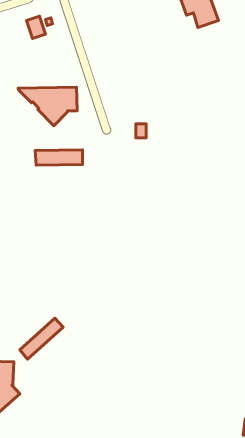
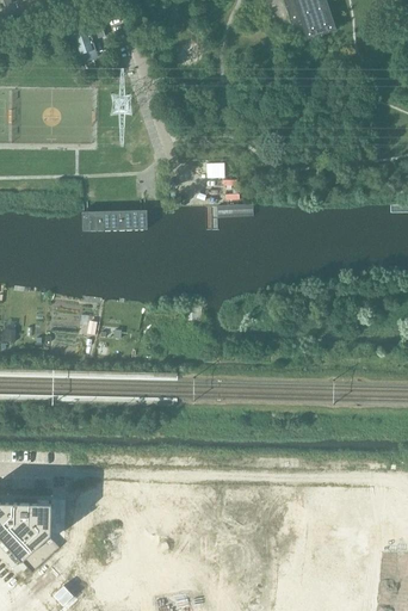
building: [18,87,77,126] -> none
building: [20,318,63,359] -> none

